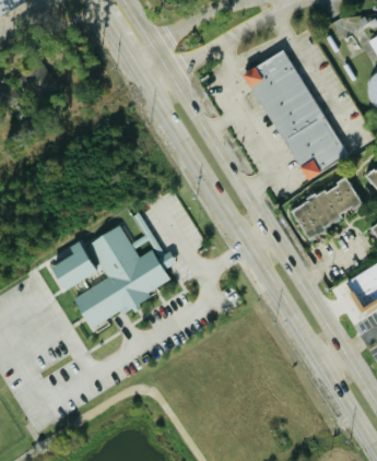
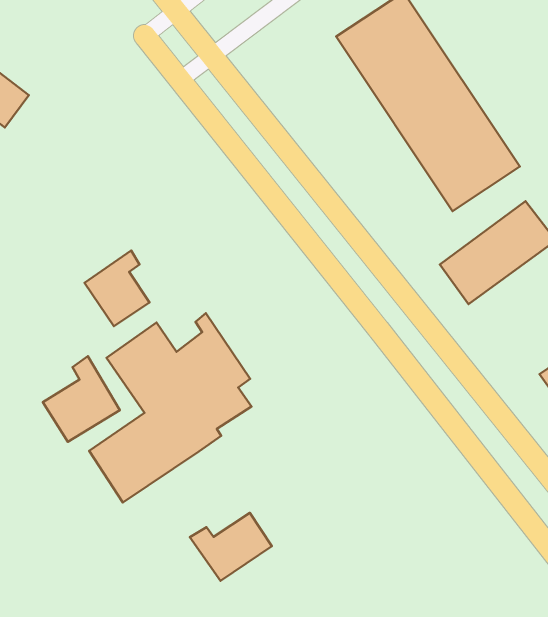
building: none -> [84,250,149,326]
building: none -> [190,513,272,581]

